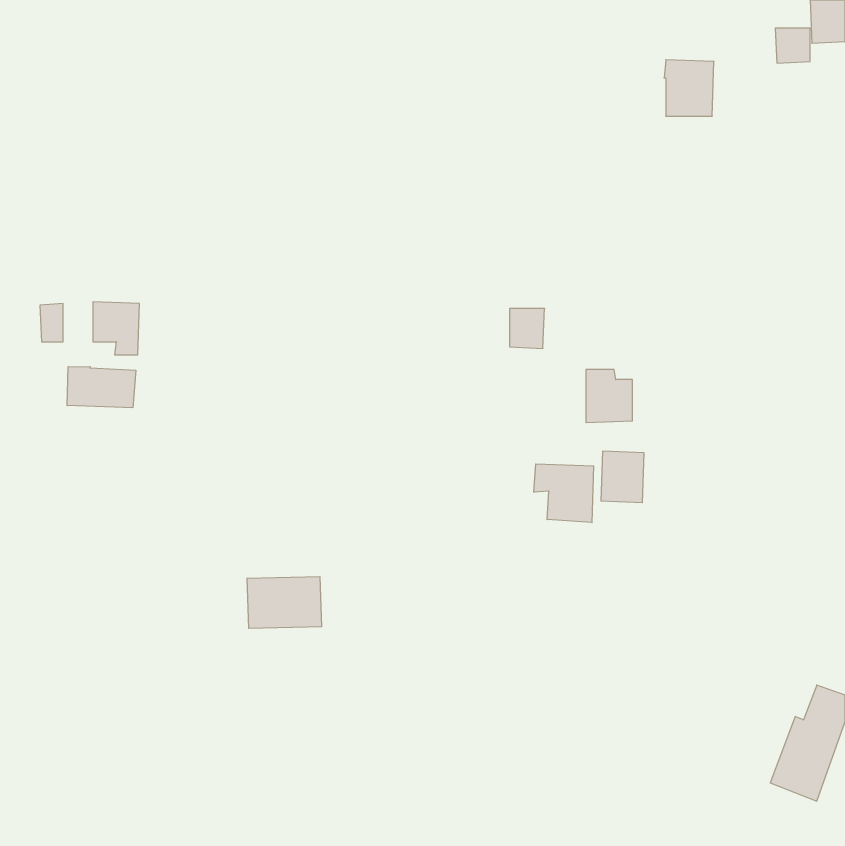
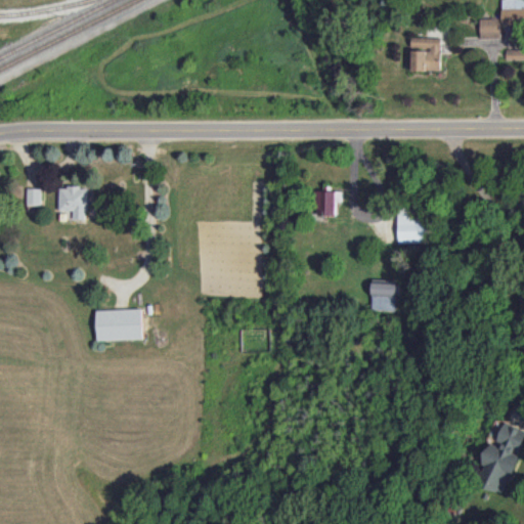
building: [67,367,136,408] -> none
building: [586,370,632,423] -> [397,211,426,244]
building: [534,464,594,523] -> none
building: [247,577,322,628] -> [95,309,141,341]

